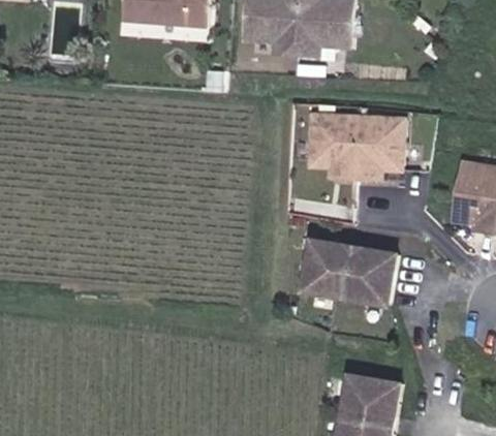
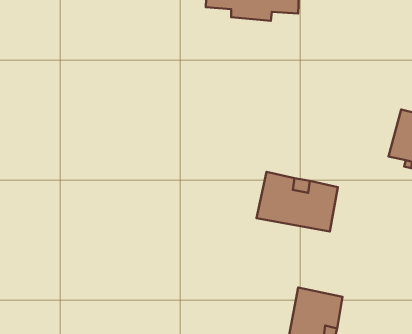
building: [300,107,395,174] -> none

